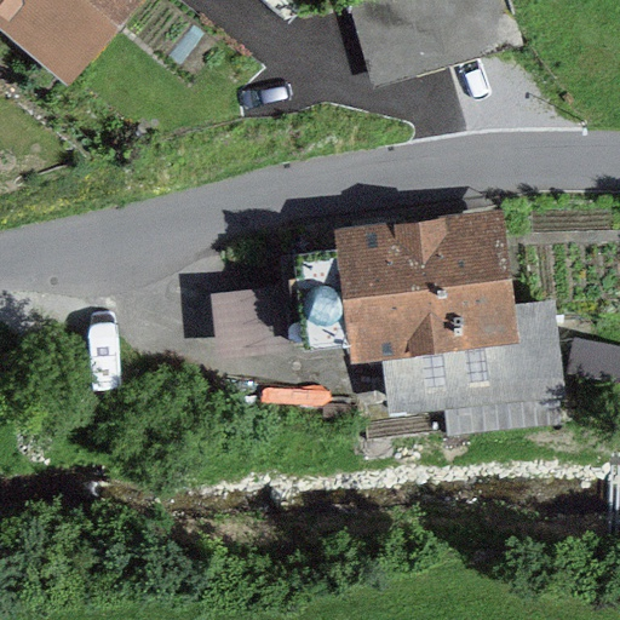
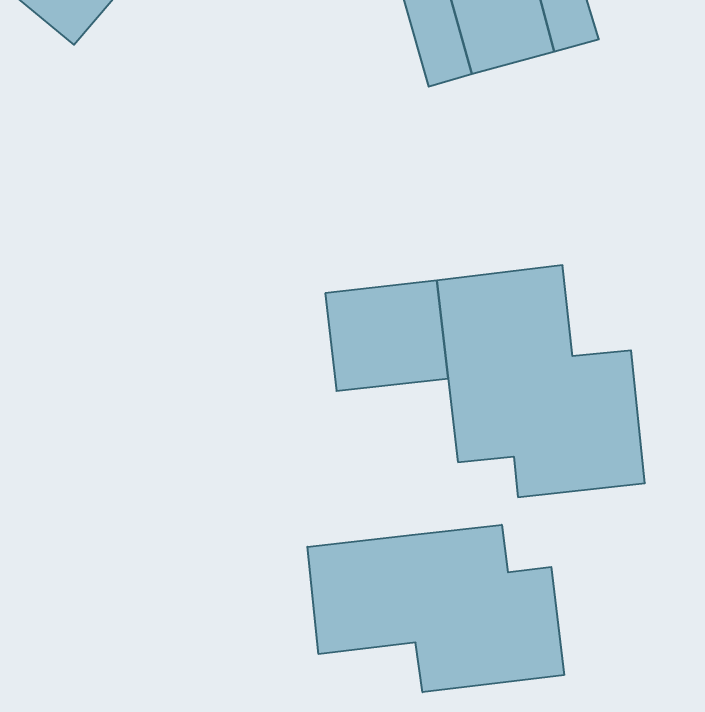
building: none -> [307,525,564,692]

